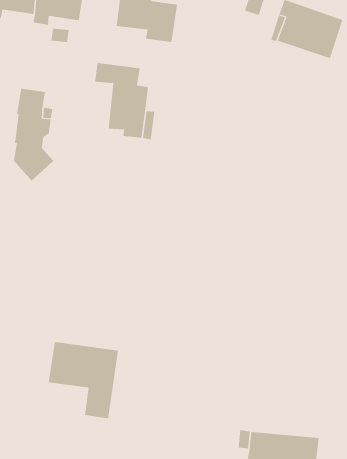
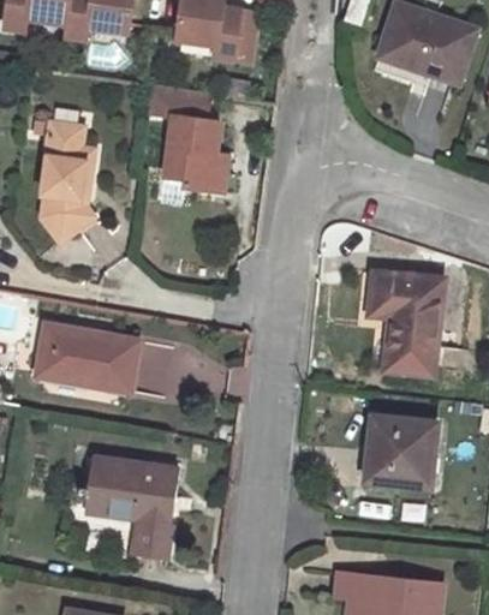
building: none -> [370,273,442,375]
building: none -> [40,324,141,390]
building: none -> [368,417,439,488]

